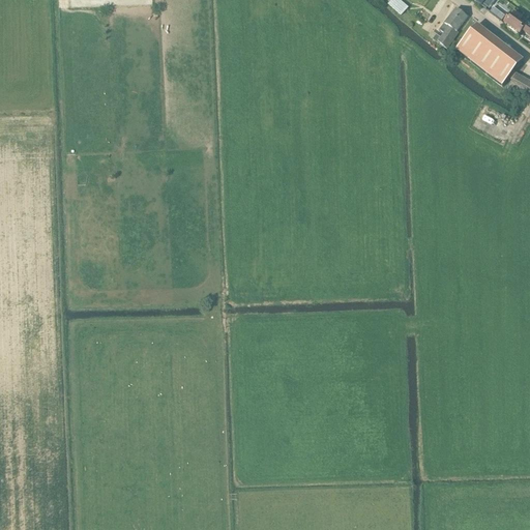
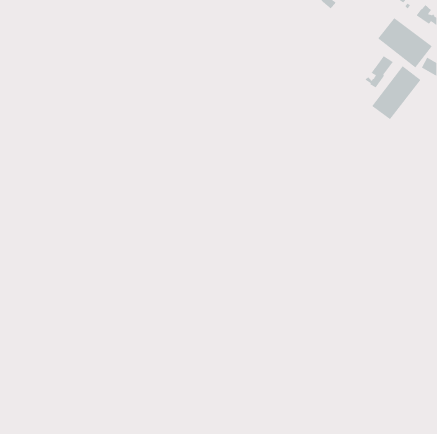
building: [432,4,467,45] -> [365,55,394,89]
building: none -> [371,65,422,120]

